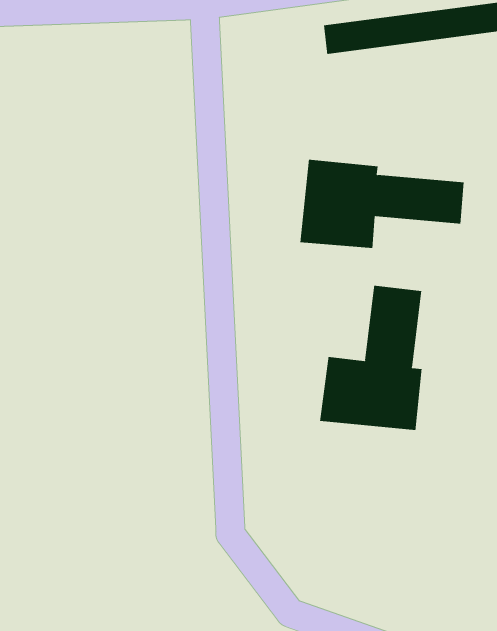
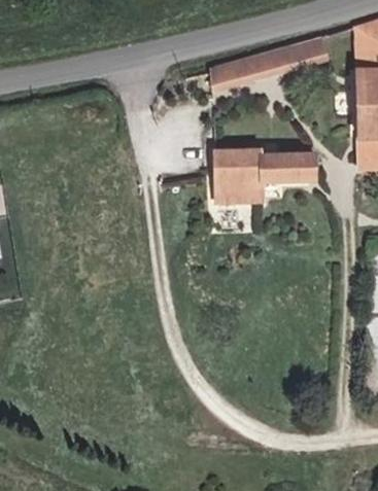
building: [320,285,422,431] -> none

